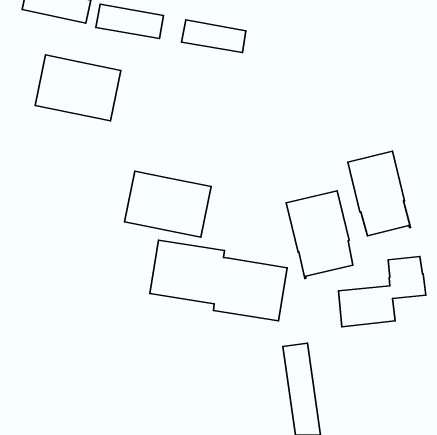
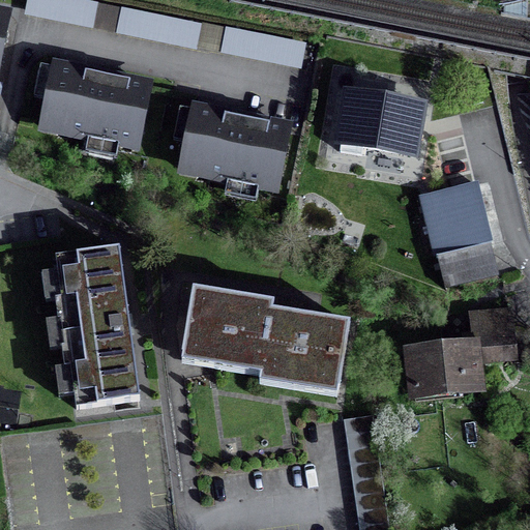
building: none -> [340,93,419,153]
building: [125,171,211,237] -> [182,109,287,188]
building: [286,191,353,278] -> none
building: none -> [55,248,139,407]

